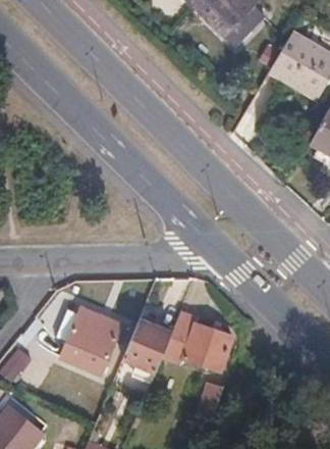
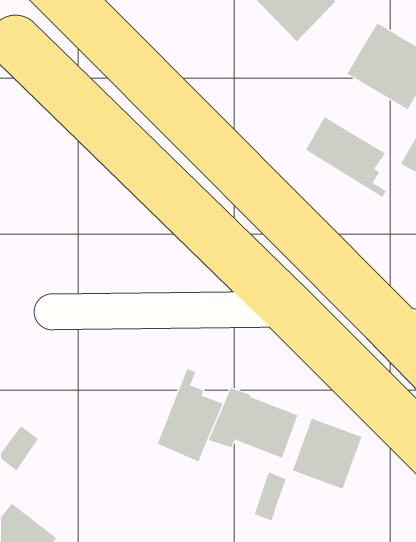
building: none -> [305,116,387,198]
building: [61,306,122,375] -> none
building: none -> [292,418,362,489]

